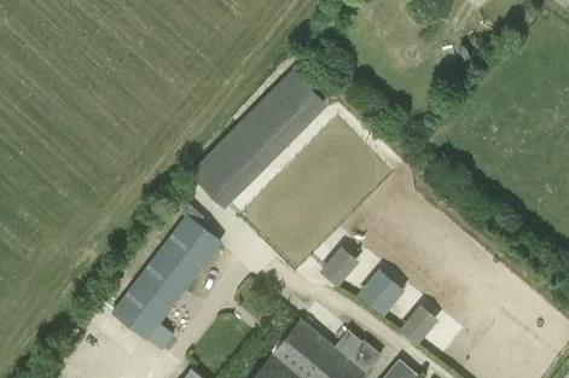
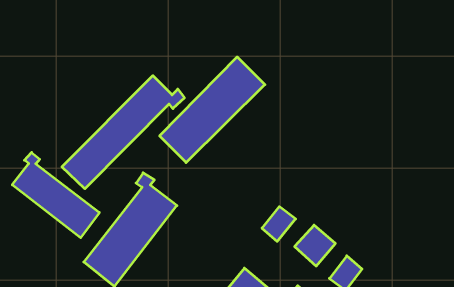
building: none -> [62,76,184,189]
building: none -> [12,152,99,238]

